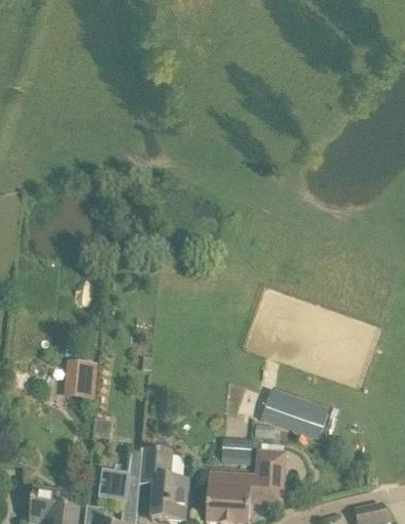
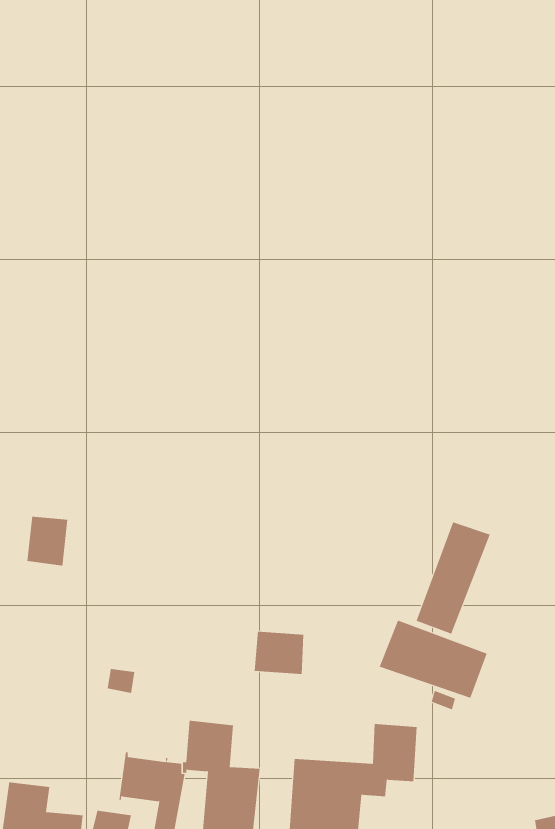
building: none -> [416,521,491,634]
building: [72,361,97,392] -> [27,516,68,566]
building: [221,438,252,465] -> [254,631,304,675]

